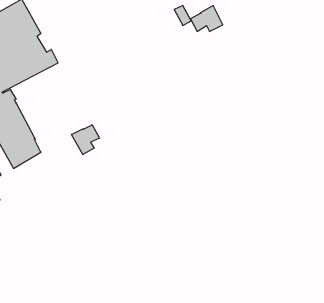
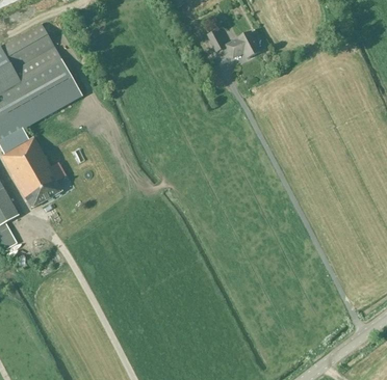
building: [71,125,99,155] -> none

